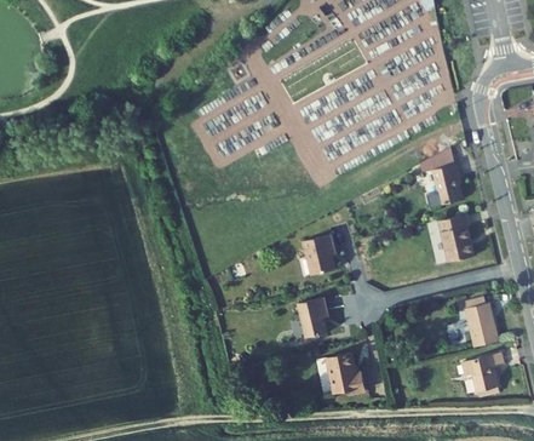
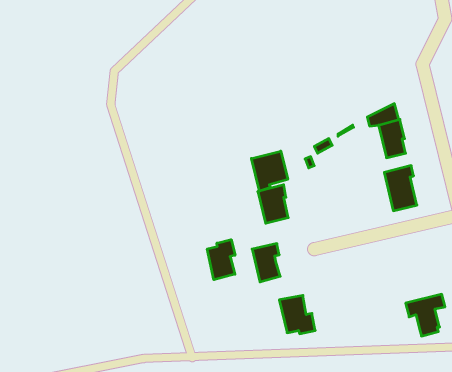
building: none -> [251,151,288,191]
building: none -> [207,240,235,280]
building: [465,297,498,346] -> none

